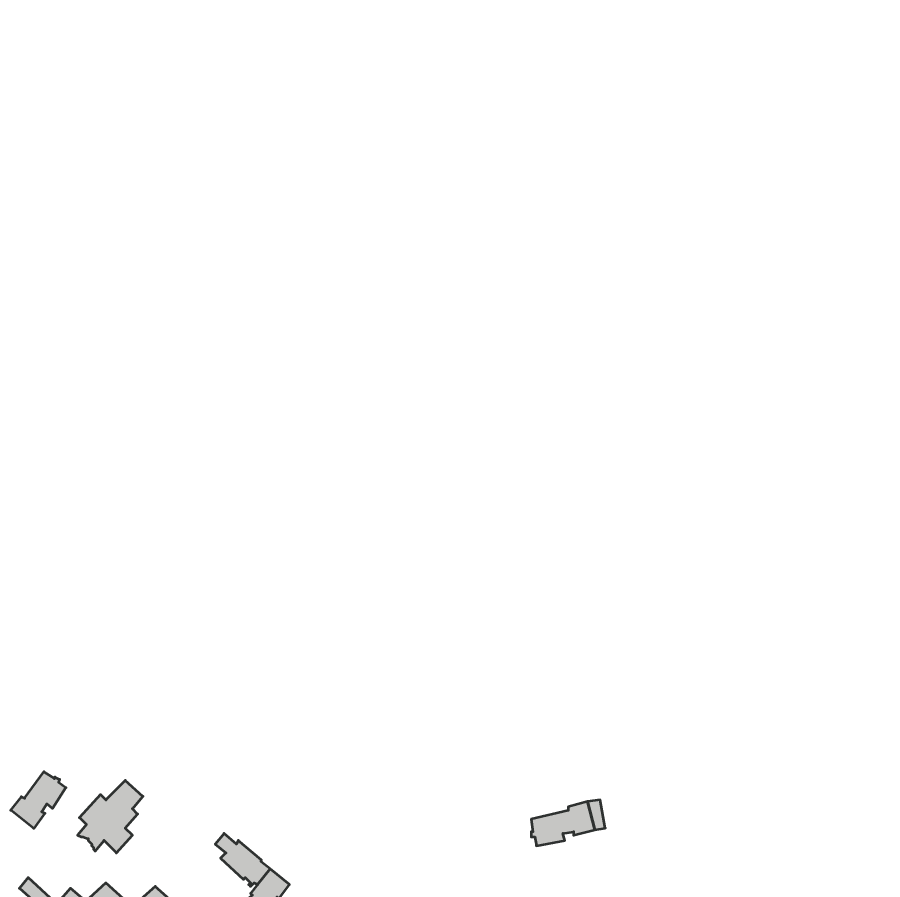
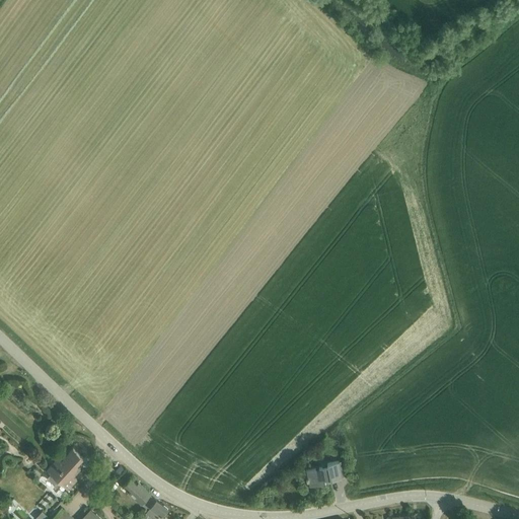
building: [11,772,66,828] -> none

